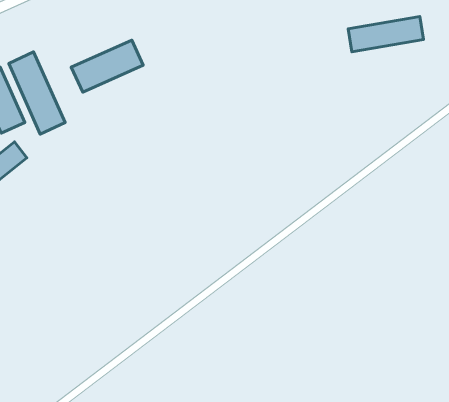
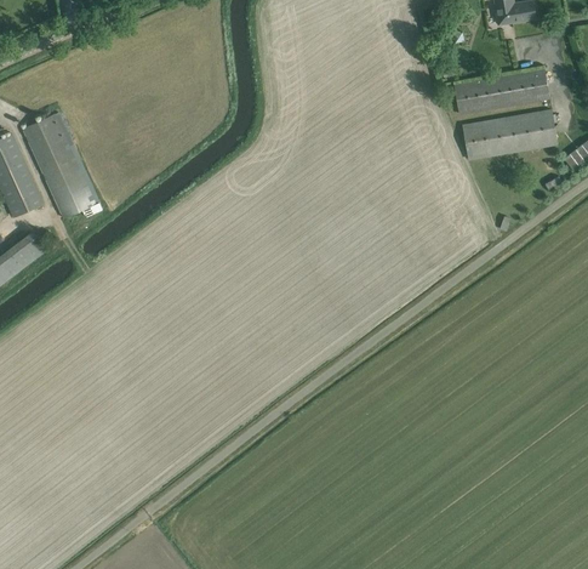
building: [71,40,143,92] -> none
building: none -> [463,110,558,159]

